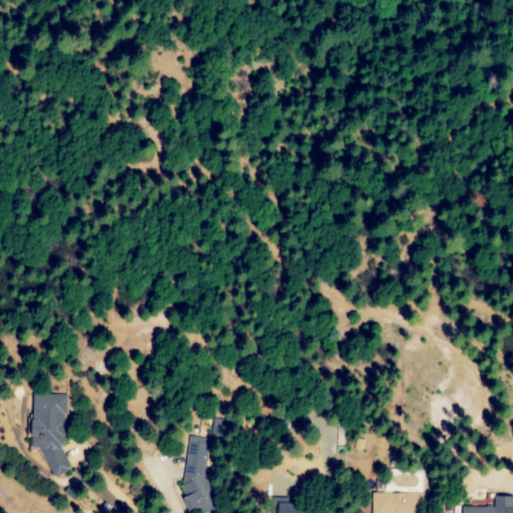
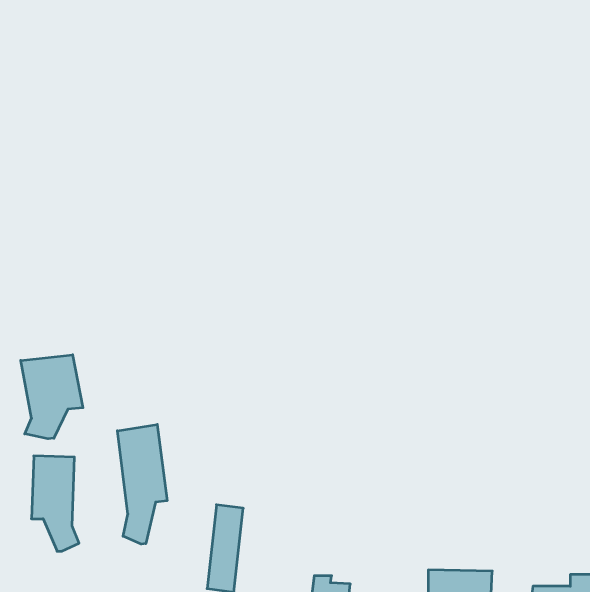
building: none -> [21,355,83,439]
building: none -> [117,424,167,544]

